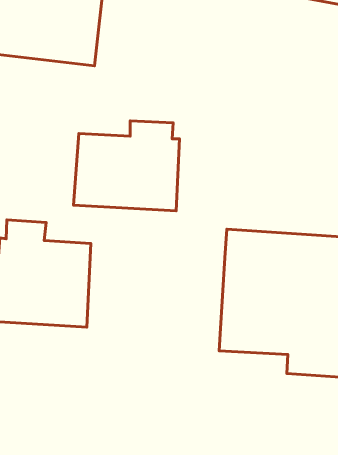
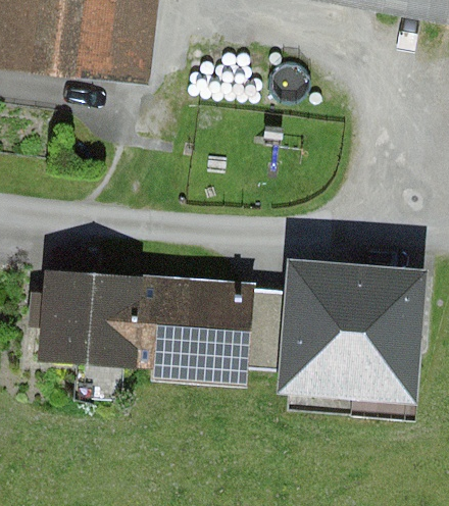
building: [74,121,179,211] -> none
building: none -> [137,274,285,383]

